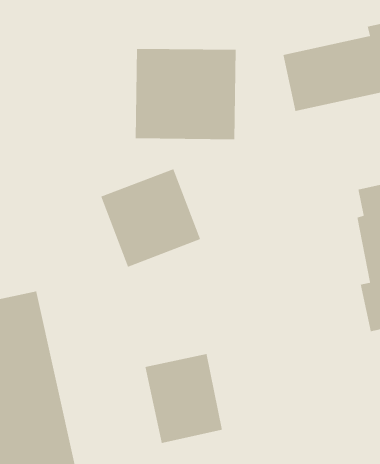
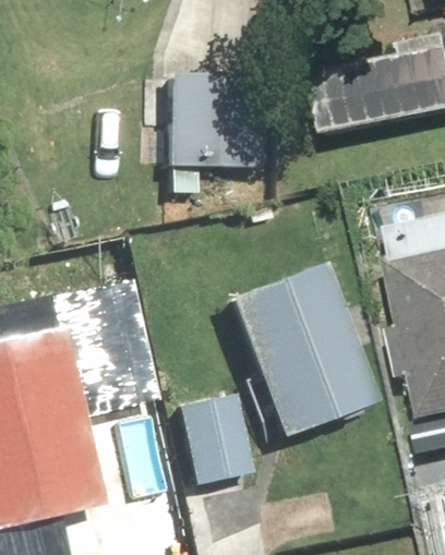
building: [100,168,201,268] -> none
building: none -> [229,261,376,436]

